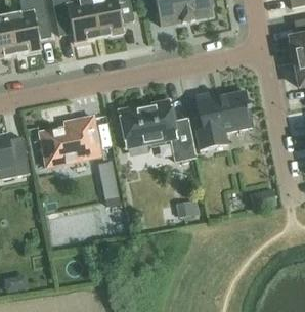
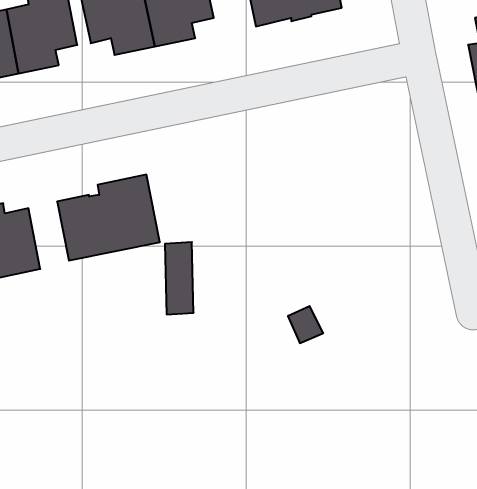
building: [194,91,252,150] -> none
building: [117,100,194,161] -> none

